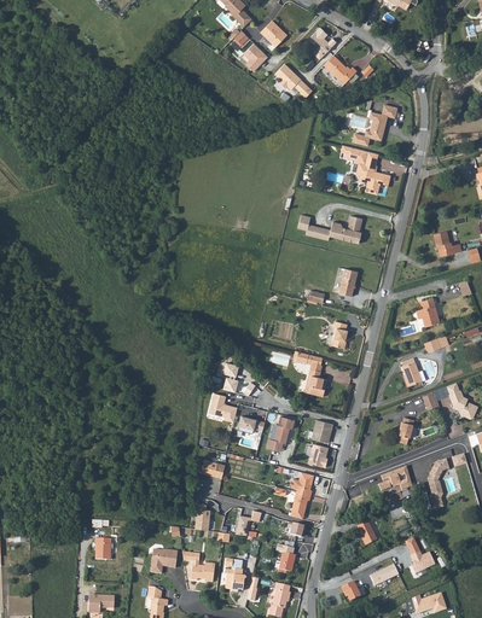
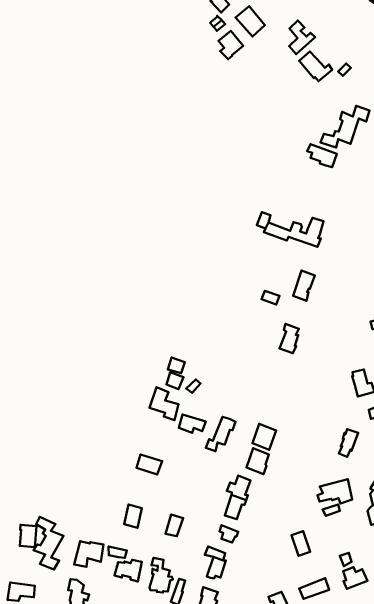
building: [274,64,313,98] -> none
building: [356,152,390,194] -> none
building: [295,351,326,397] -> none
building: none -> [34,517,64,570]

